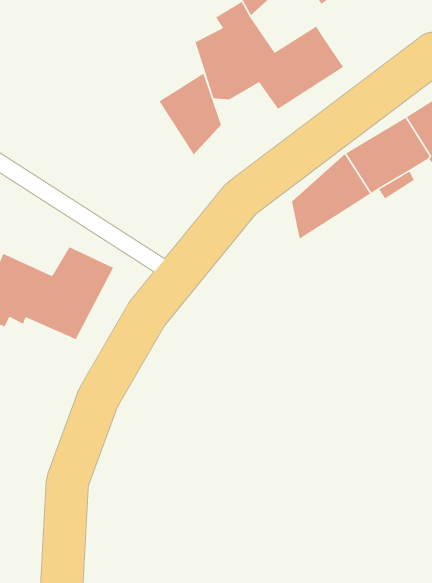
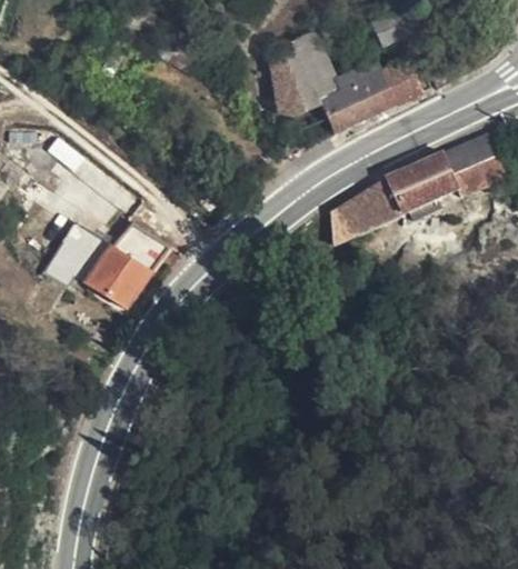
building: none -> [378,57,426,102]
building: [159,72,222,155] -> none

